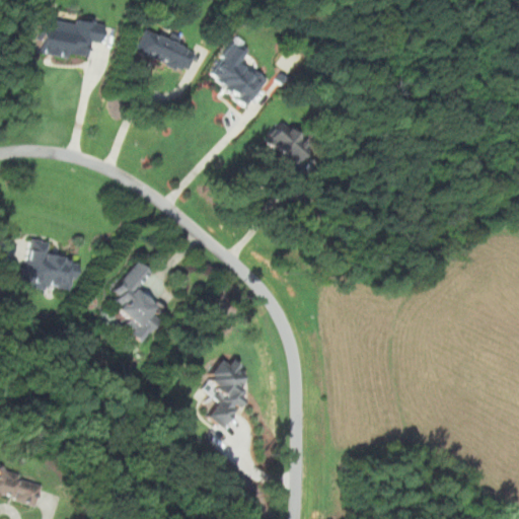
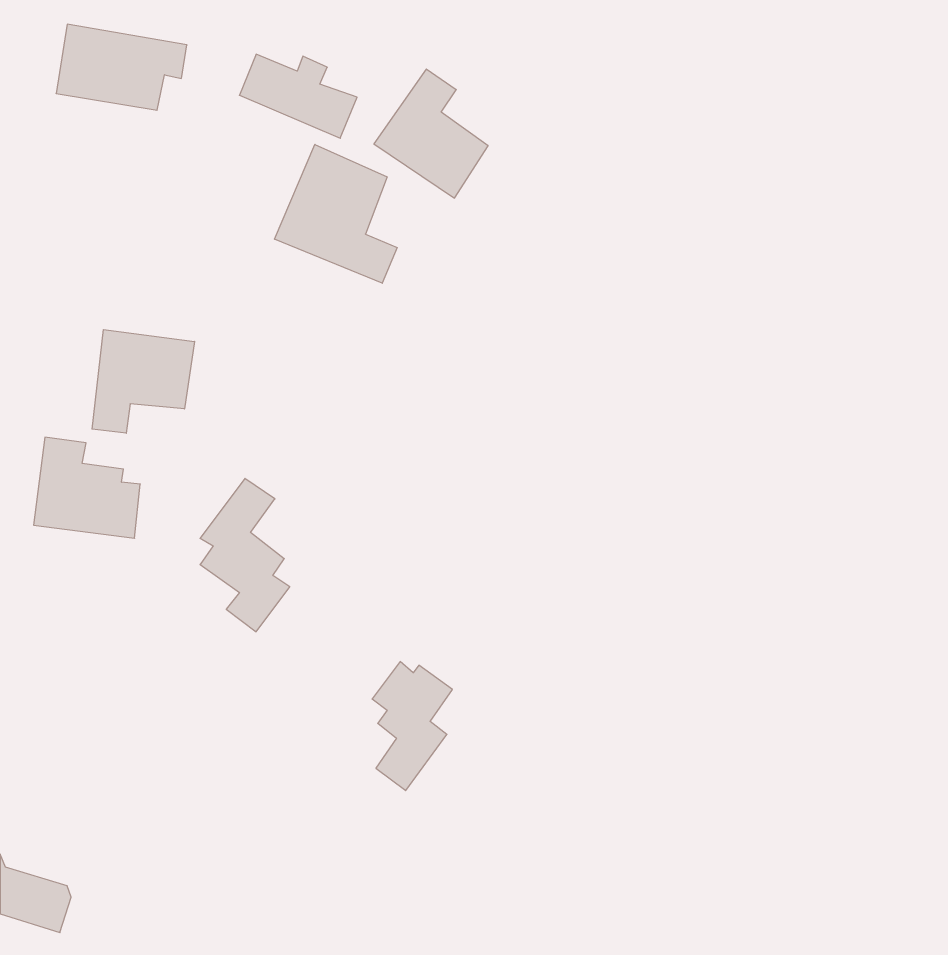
building: none -> [275,144,397,283]
building: [264,119,314,168] -> none
building: none -> [92,330,195,433]

